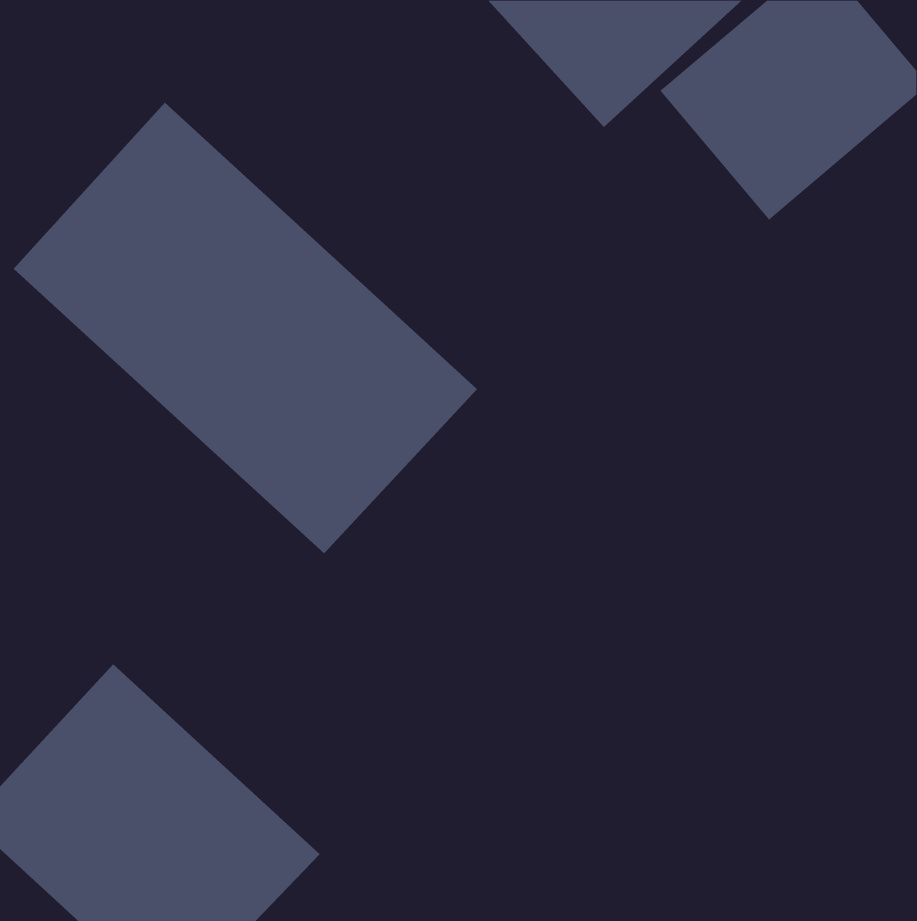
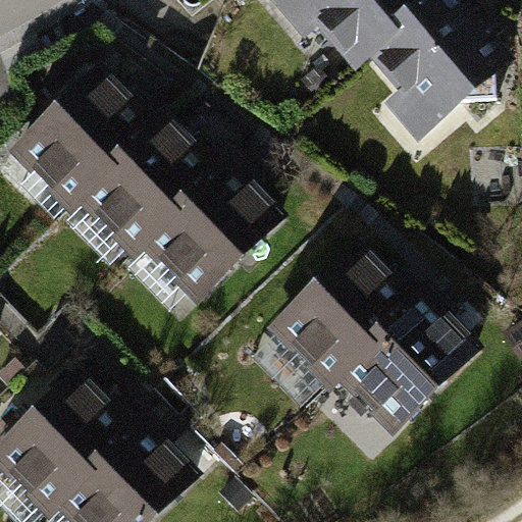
building: none -> [271,259,467,453]

